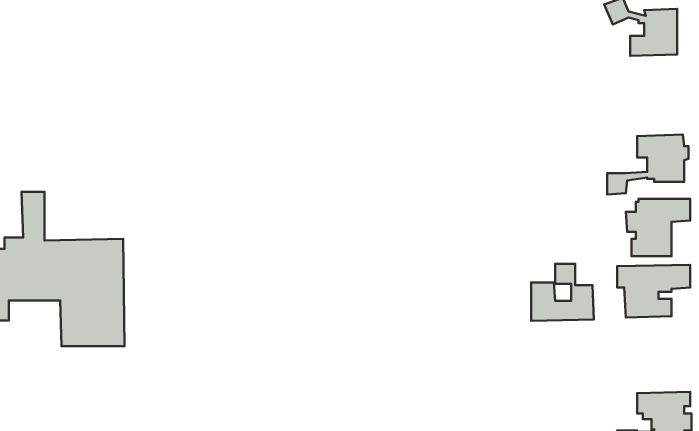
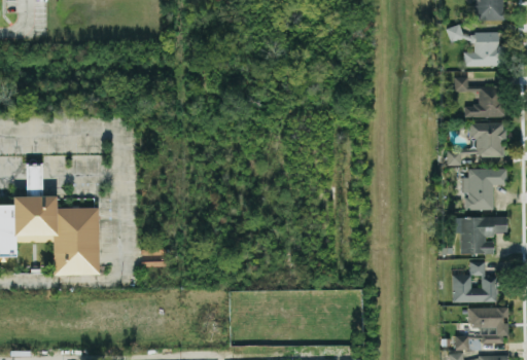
building: none -> [454,77,504,117]
building: [531,264,594,321] -> [452,261,497,302]

